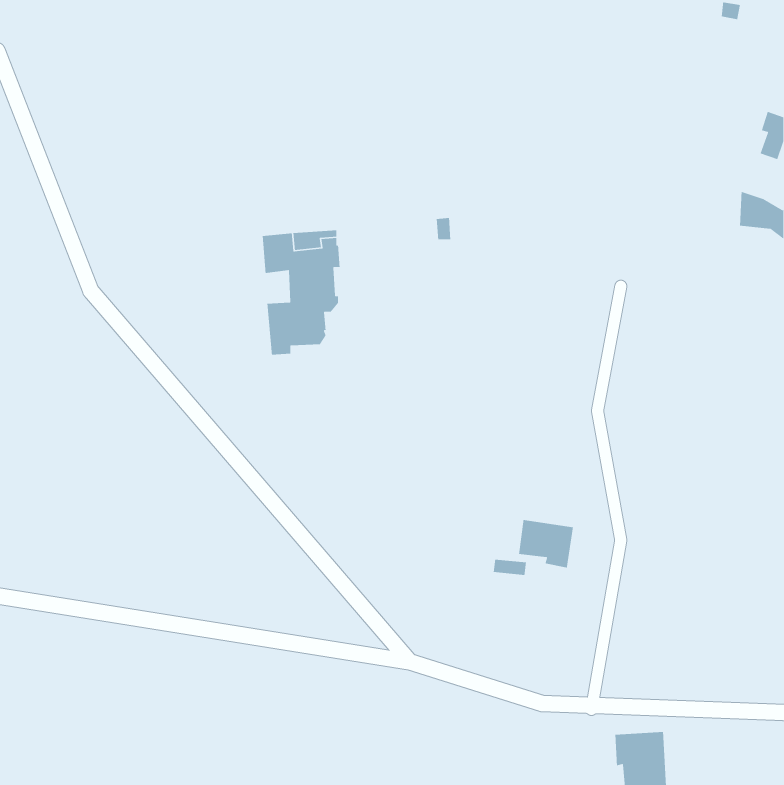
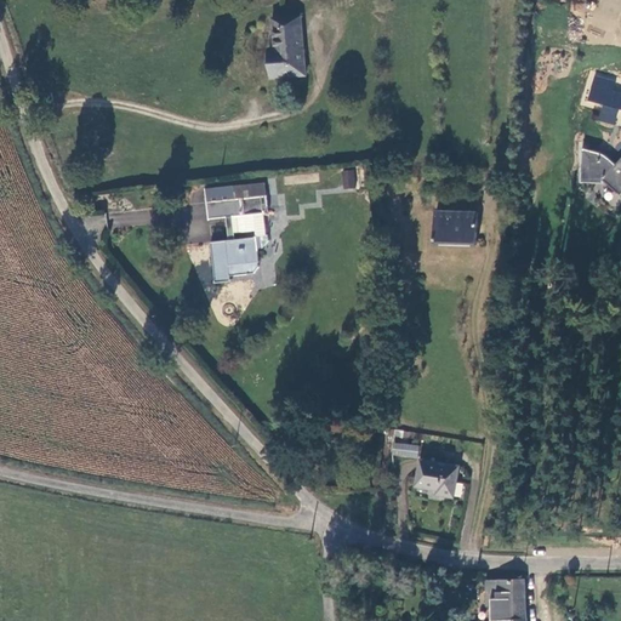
building: none -> [268,17,303,78]
building: none -> [433,209,475,244]
building: [518,519,574,569] -> [412,458,456,497]

